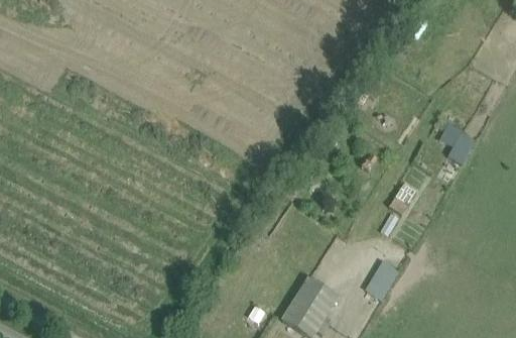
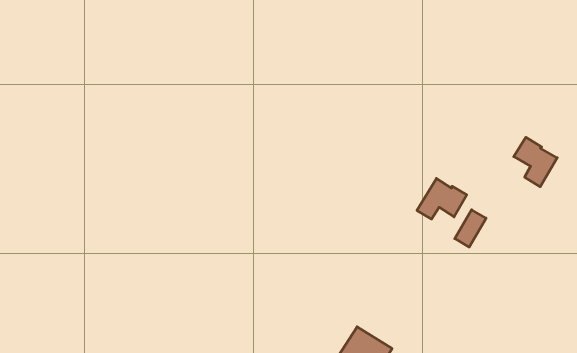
building: none -> [417,178,467,219]
building: [364,257,399,298] -> none

